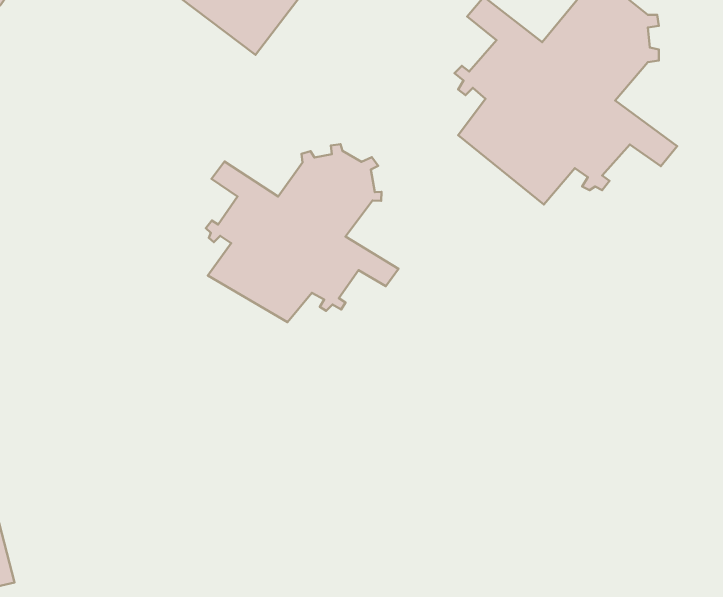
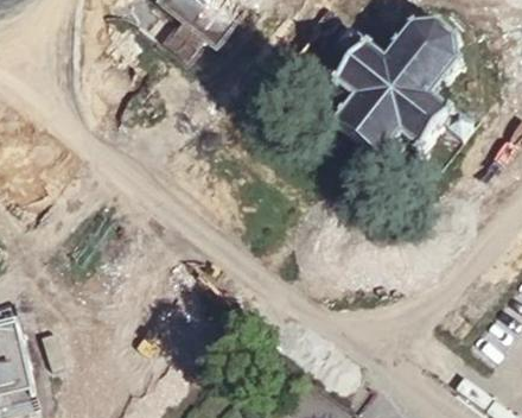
building: [206,144,399,322] -> none

